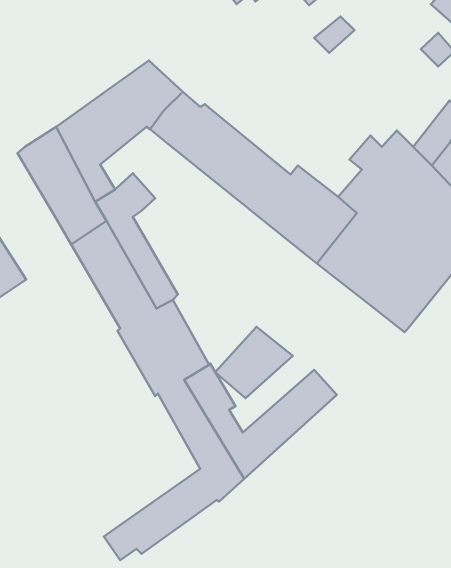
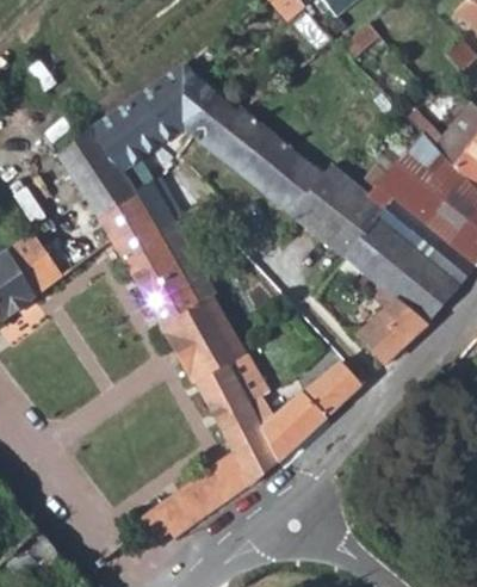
building: [215,327,293,398] -> [355,295,429,363]

